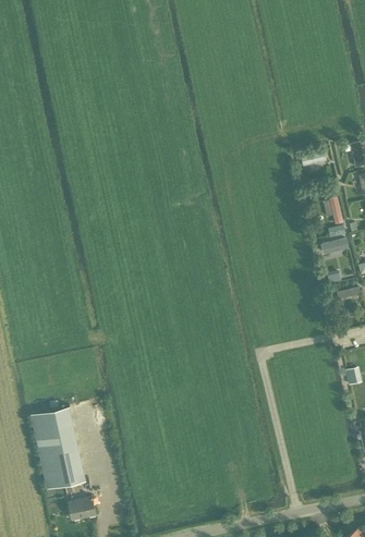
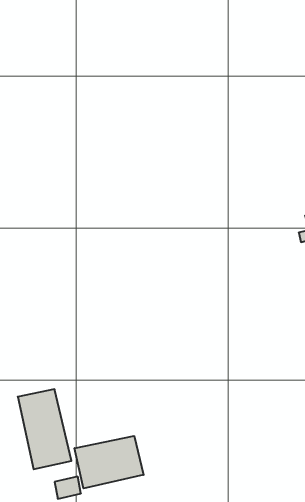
building: none -> [75,436,144,488]

